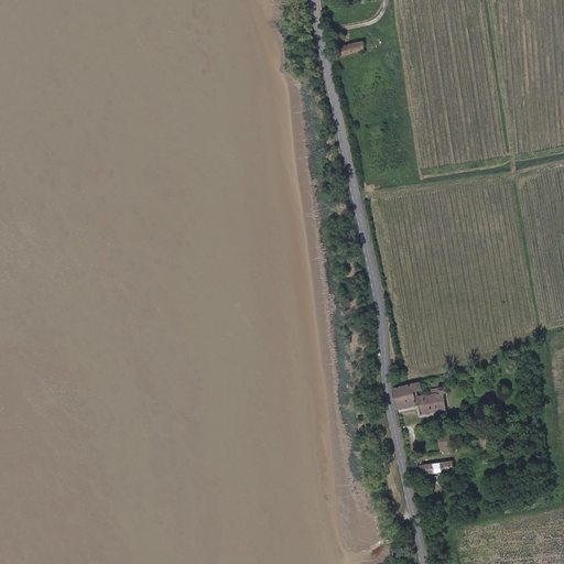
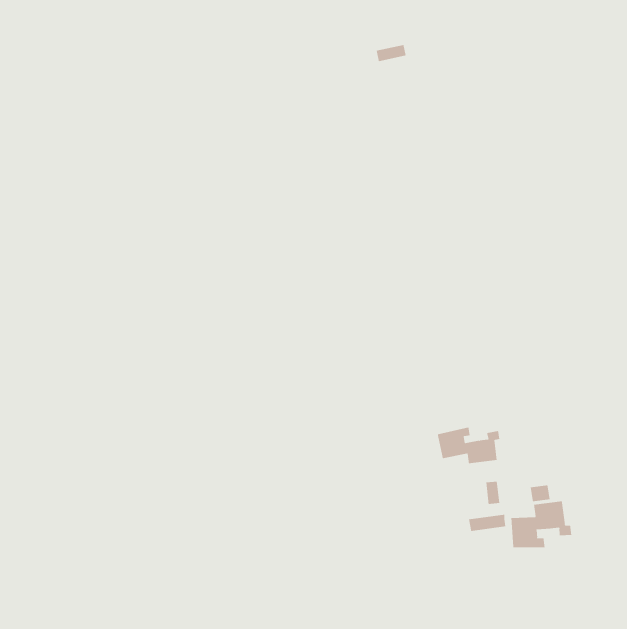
building: none -> [511,500,572,548]

